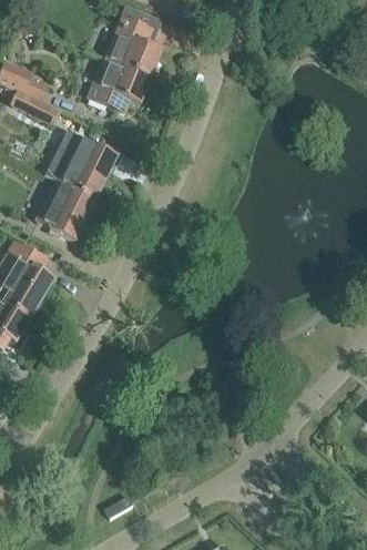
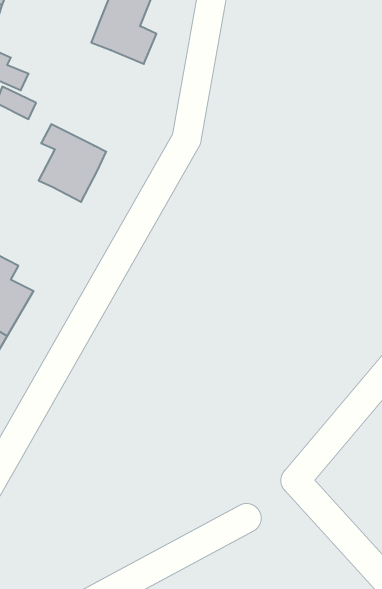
building: [89,59,151,113] -> none
building: [37,180,95,241] -> none

